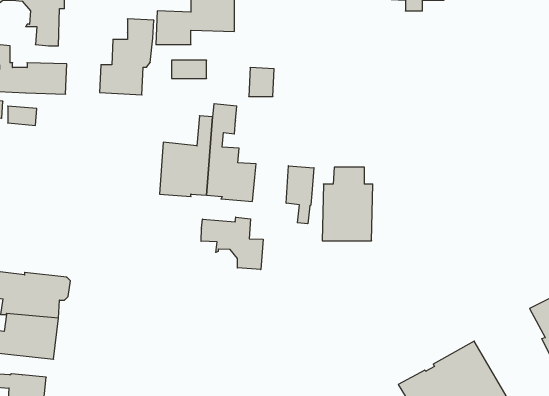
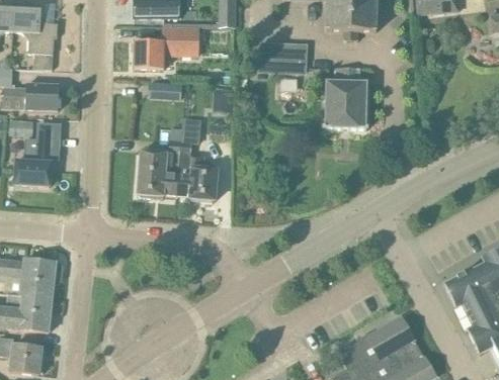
building: none -> [258,40,308,74]
building: [100,19,154,95] -> [14,121,60,185]
building: [286,166,314,224] -> none
building: [322,167,373,241] -> [324,67,366,128]
building: [201,217,263,270] -> none

